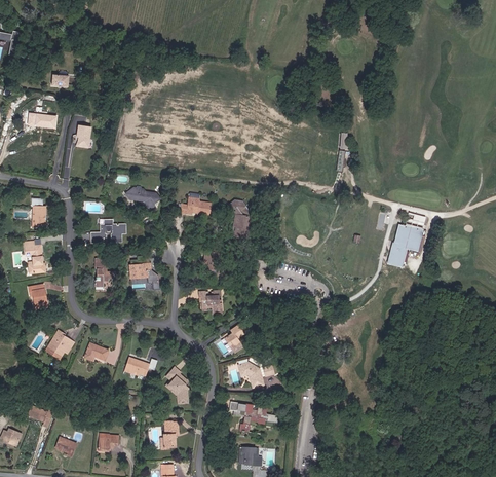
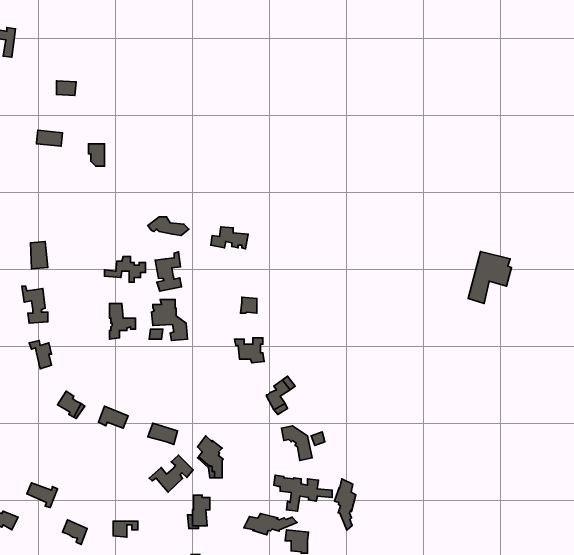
building: [226,198,249,235] -> none
building: none -> [155,252,182,291]
building: none -> [149,455,193,492]
building: none -> [335,479,356,530]
building: none -> [244,513,297,535]

